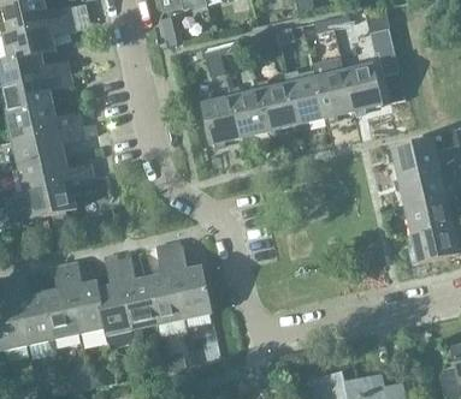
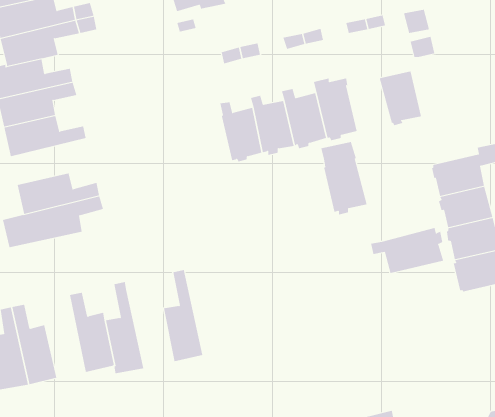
building: [312,54,354,120] -> [321,142,368,215]
building: [12,124,84,166] -> none
building: none -> [371,227,444,274]
building: [169,239,212,318] -> none
building: [117,257,159,330] -> none
building: [43,264,79,339] -> none

